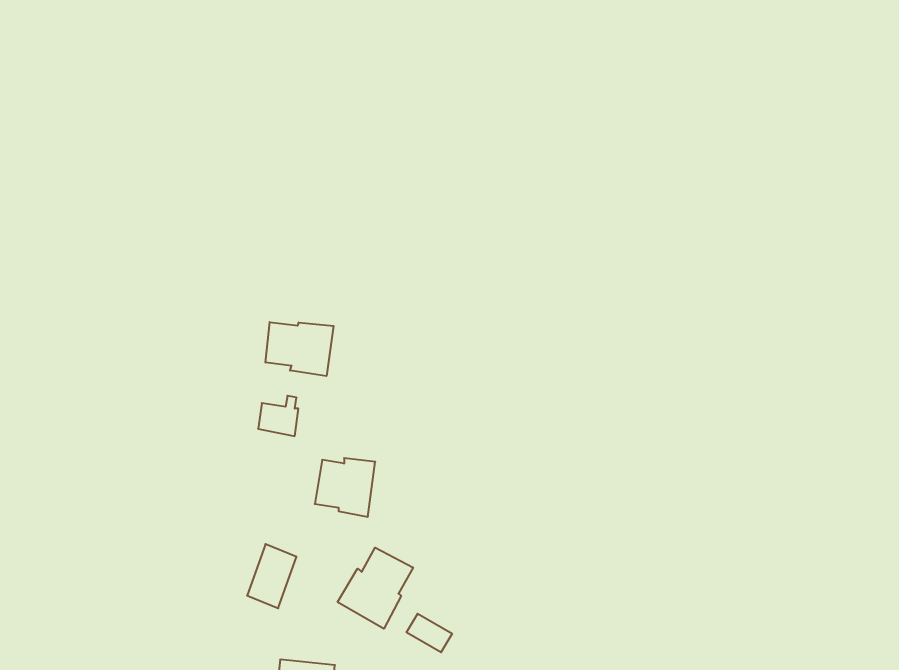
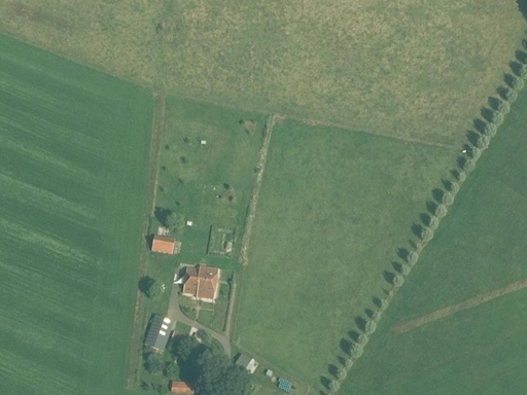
building: [266,322,334,376] -> none
building: [338,548,413,629] -> none

